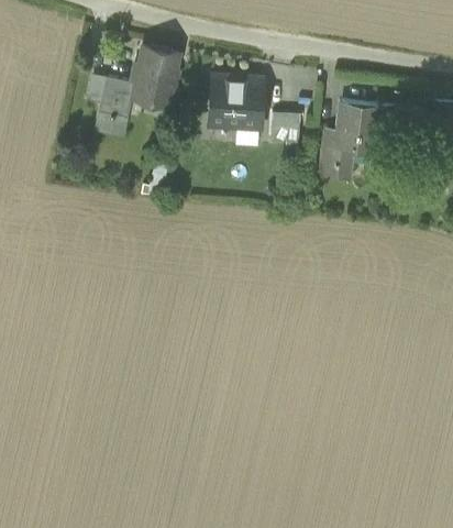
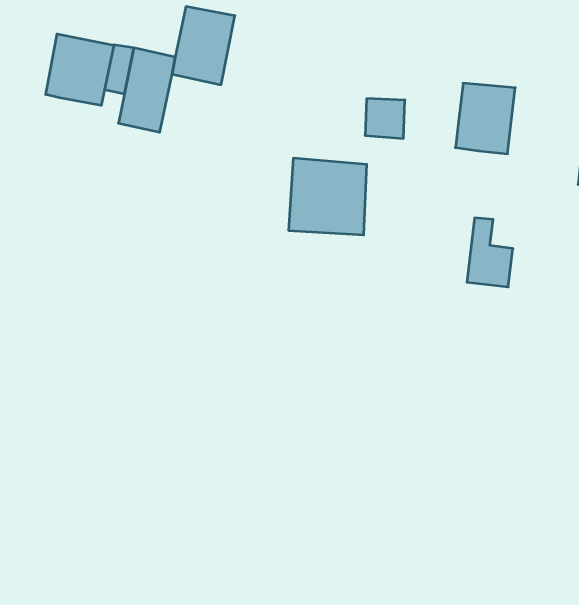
building: none -> [46,34,114,105]
building: [209,74,265,129] -> [289,158,367,235]
building: [321,128,354,177] -> [467,218,513,287]

